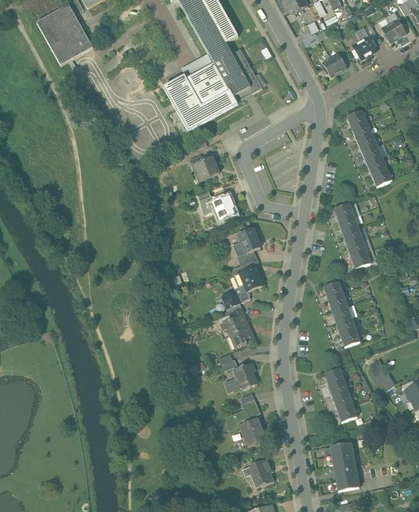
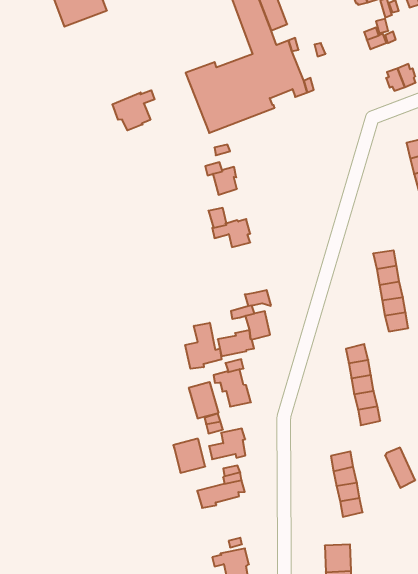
building: none -> [112,90,155,130]
building: [232,227,260,255] -> none
building: none -> [185,323,222,369]
building: none -> [189,382,218,419]
building: [238,416,266,445] -> [173,439,205,473]

